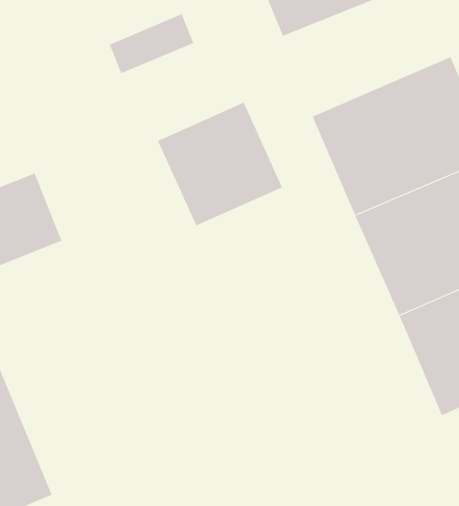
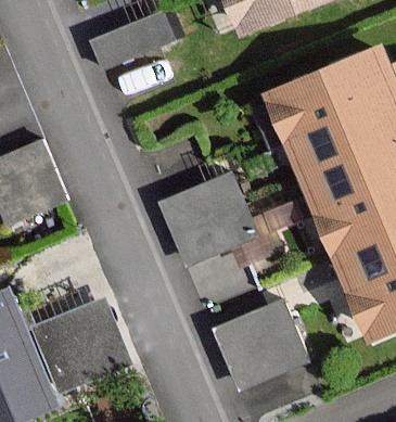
building: [157,102,283,226] -> [158,170,260,271]
building: none -> [210,299,308,392]
building: none -> [38,303,128,388]

